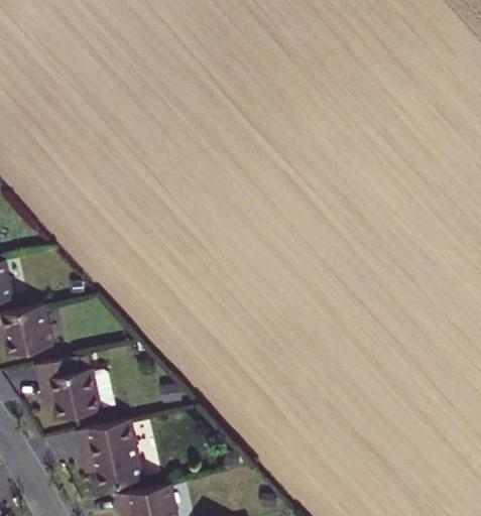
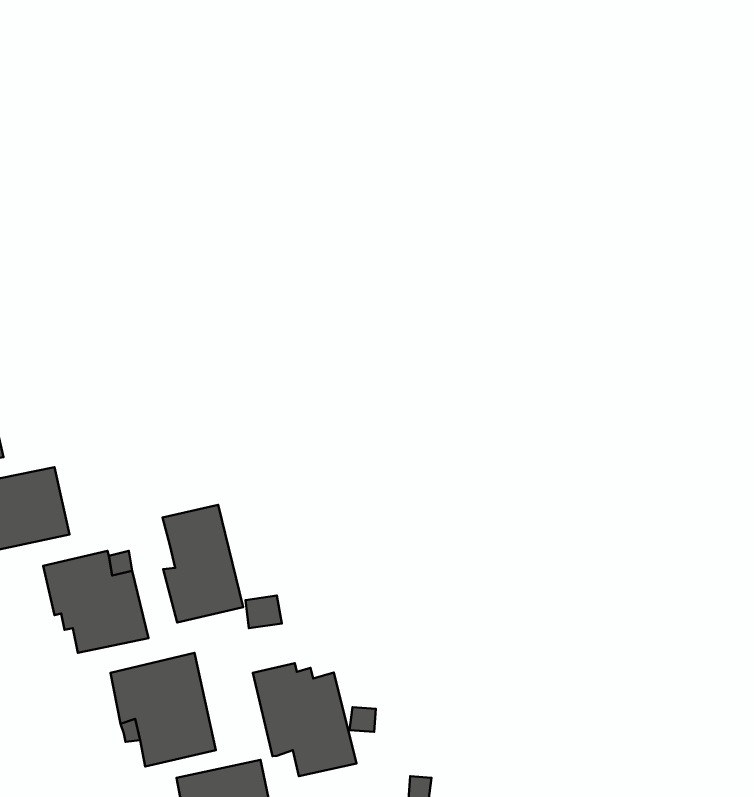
building: none -> [163,505,243,622]
building: none -> [253,663,356,776]

